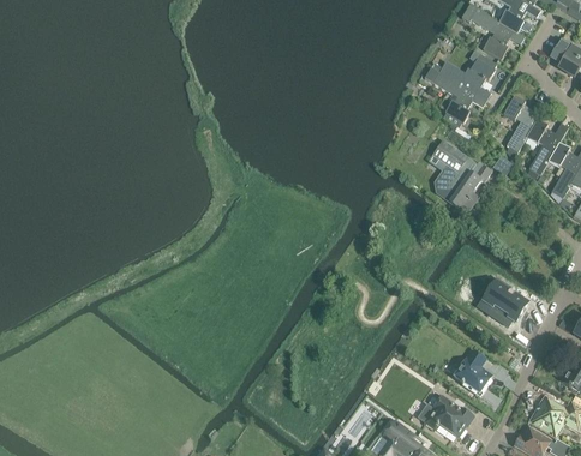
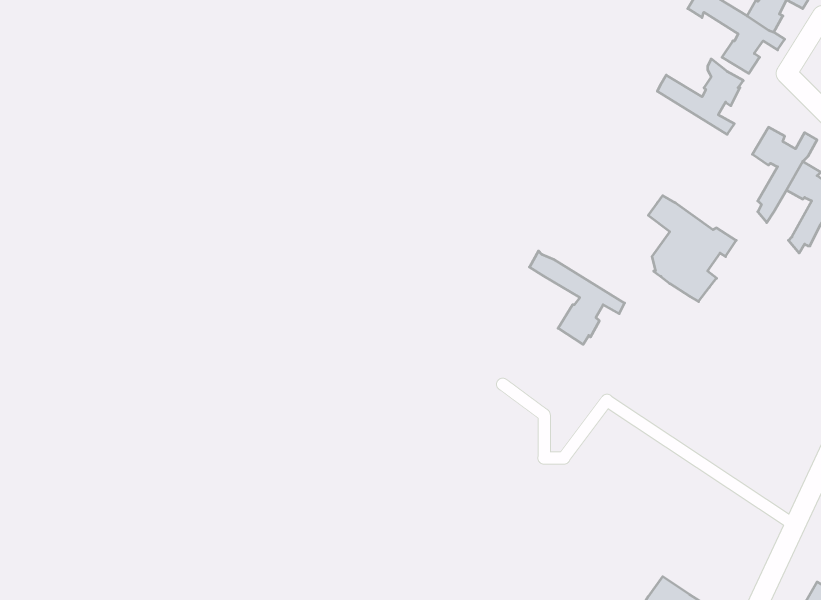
building: [423,65,486,127] -> [529,251,625,344]
building: [484,278,527,325] -> none
building: [455,350,492,392] -> none

